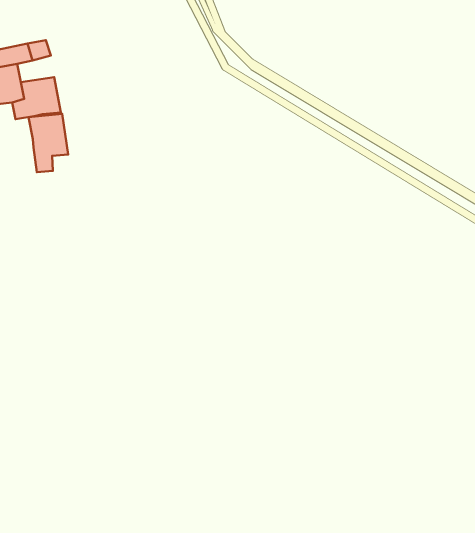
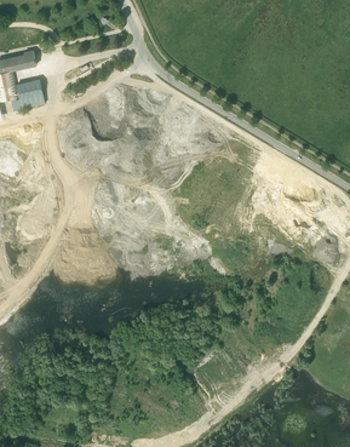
building: [28,114,68,172] -> none

